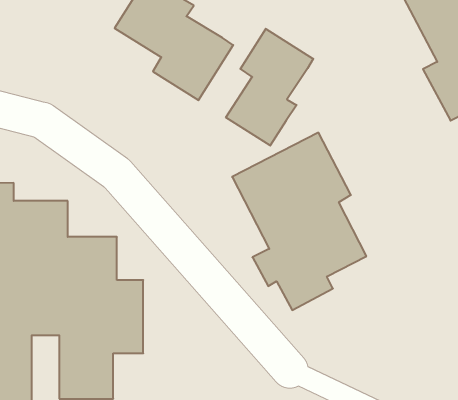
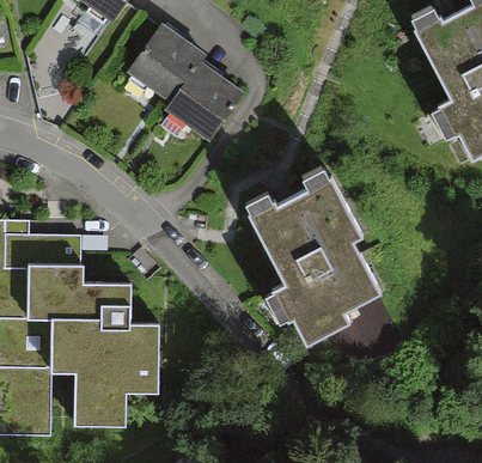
building: [226,29,313,146] -> none

